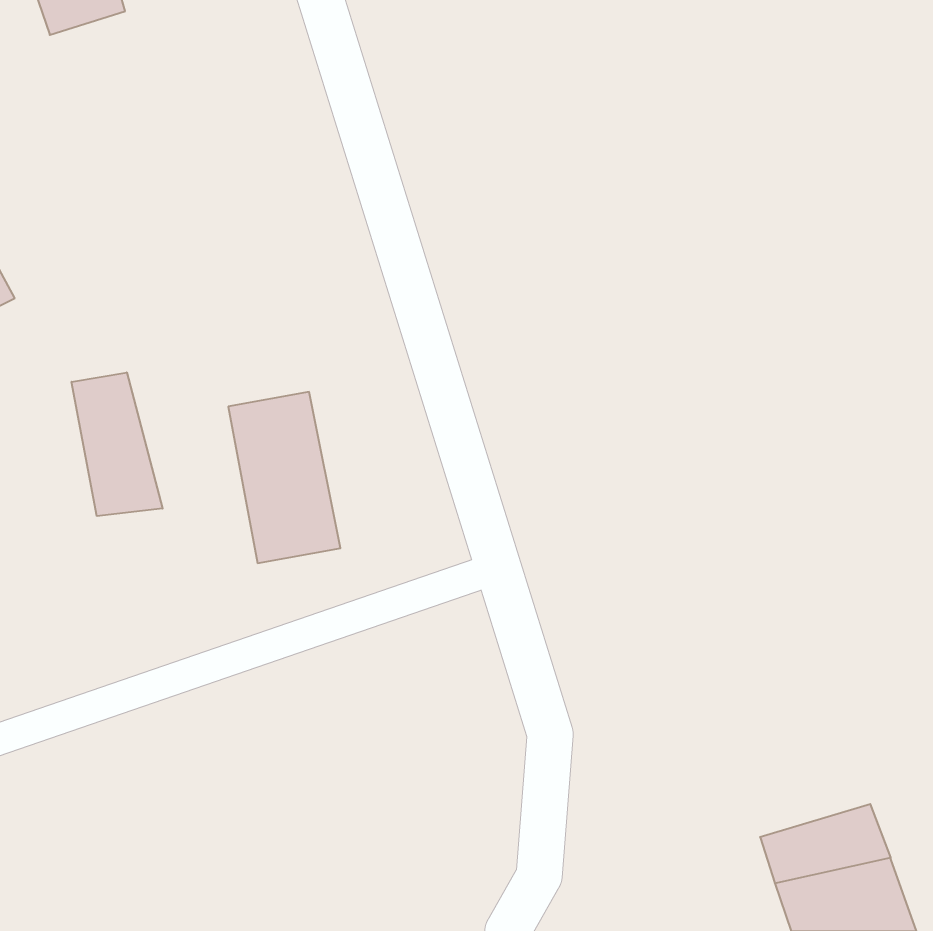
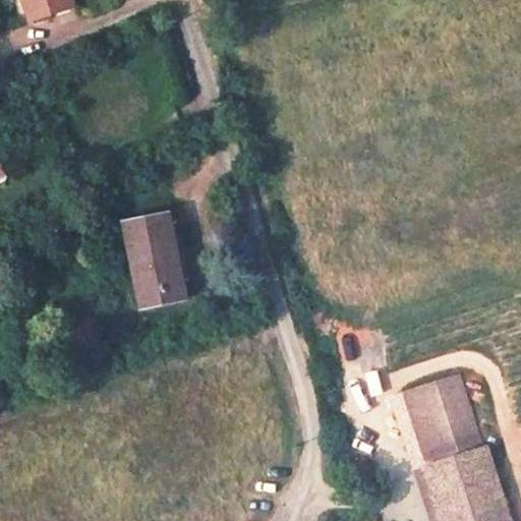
building: [72,372,163,516] -> none
building: none -> [397,371,474,450]

